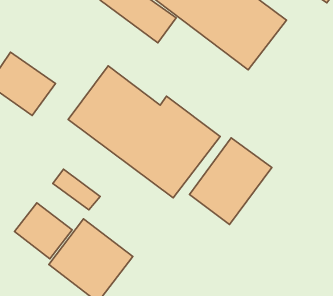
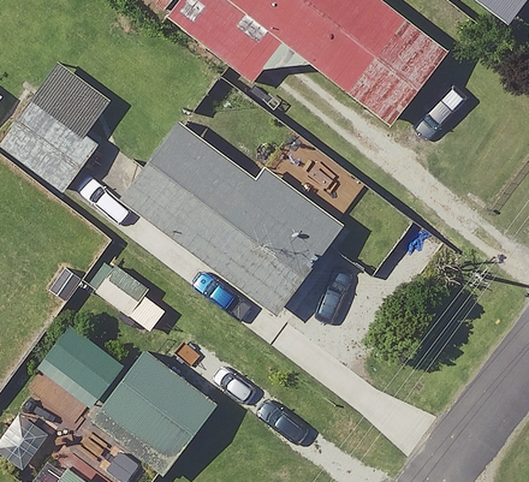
building: [189,138,272,224] -> none

